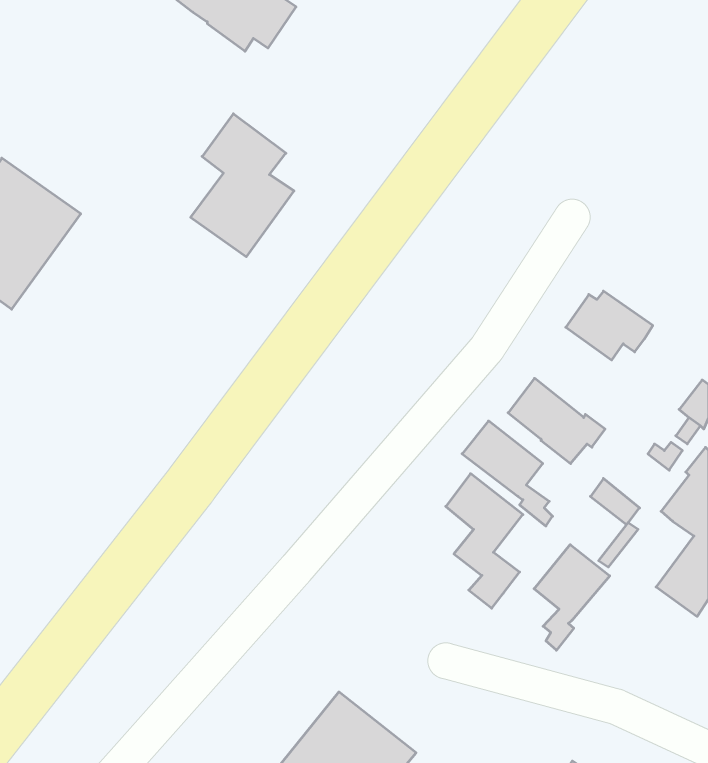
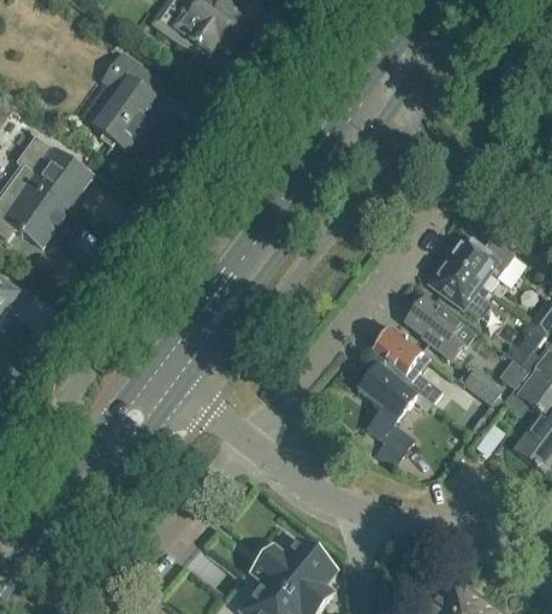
building: [191,114,294,257] -> [91,49,167,154]
building: none -> [429,259,491,318]
building: [534,545,610,650] -> none

